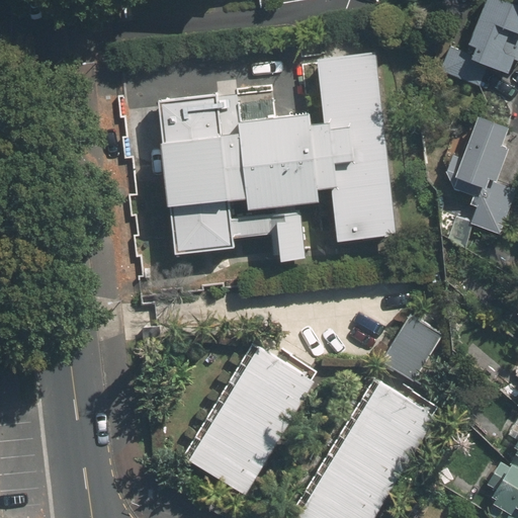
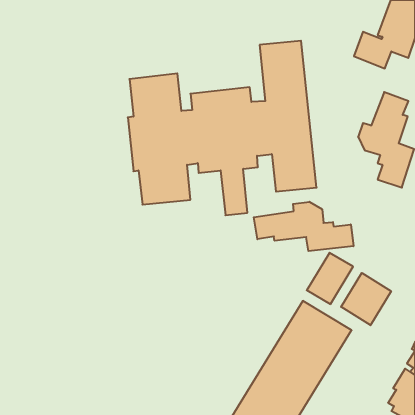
building: none -> [254,202,353,251]
building: none -> [341,273,391,325]
building: [185,343,315,493] -> none

